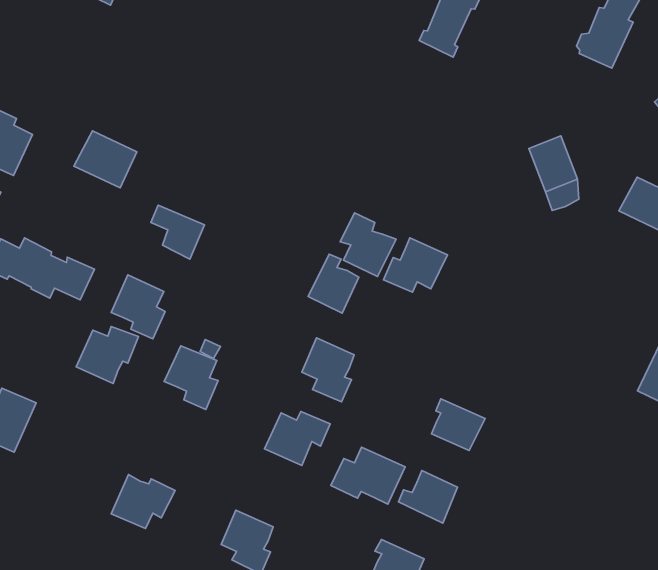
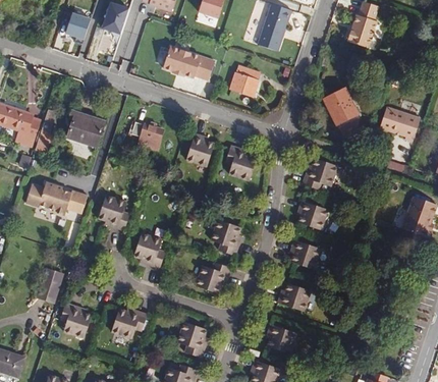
building: none -> [166,45,217,78]
building: none -> [230,66,260,96]
building: [151,205,204,259] -> [132,121,163,150]
building: [383,238,447,292] -> [298,163,333,194]
building: [308,254,359,313] -> [186,133,214,166]
building: [76,326,139,384] -> none
building: none -> [294,206,323,234]
building: [331,447,405,504] -> none
building: none -> [61,305,92,340]

